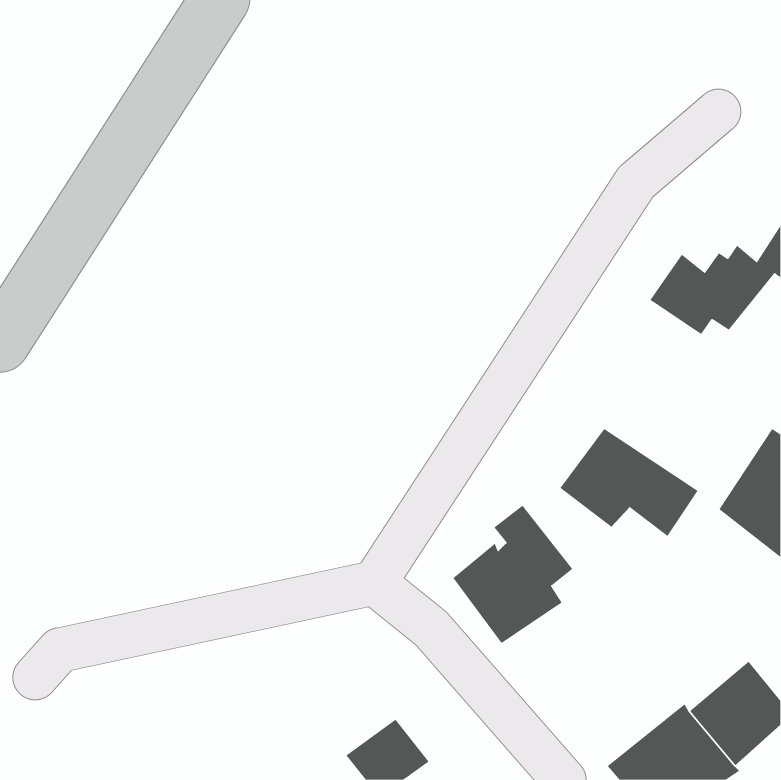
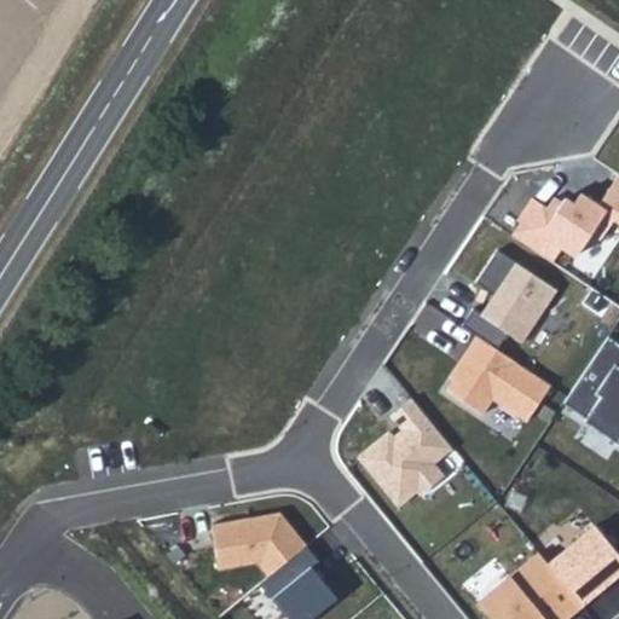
building: none -> [478,250,557,342]
building: none -> [210,511,310,578]

